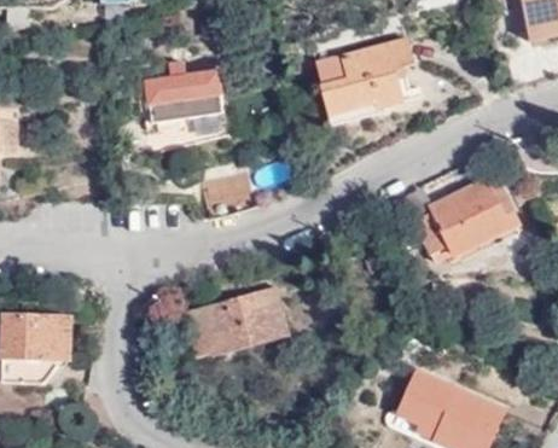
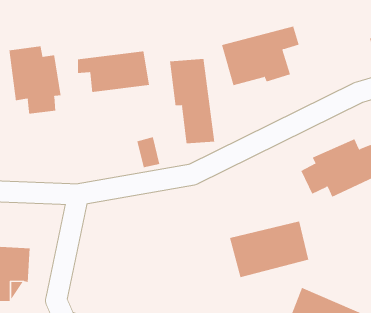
building: none -> [9,45,61,114]
building: none -> [170,58,215,144]
building: [181,285,283,357] -> [229,221,309,278]

